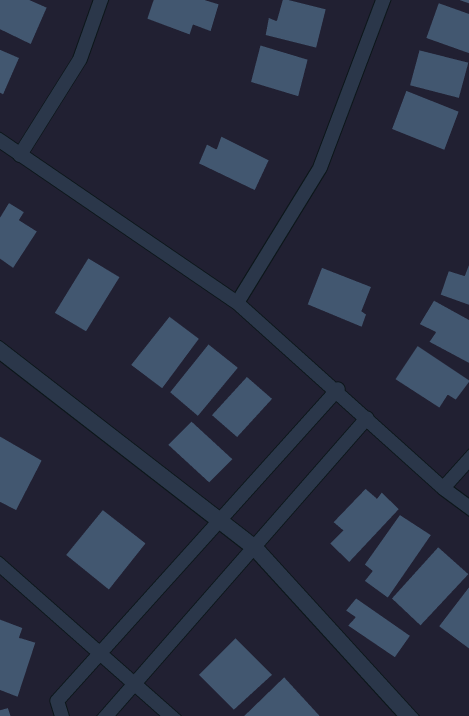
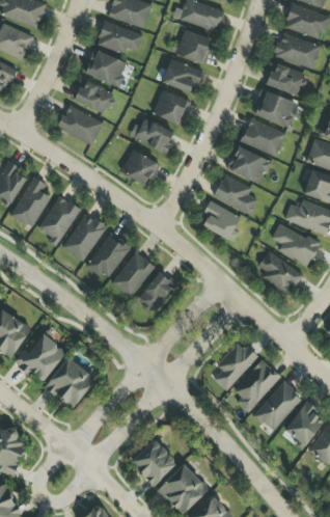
building: none -> [84,49,129,87]
building: none -> [73,80,112,112]
building: none -> [153,90,191,126]
building: none -> [57,106,103,144]
building: none -> [242,118,285,156]
building: none -> [226,146,271,185]
building: none -> [120,149,159,187]
building: none -> [213,174,257,215]
building: none -> [10,176,50,228]
building: none -> [62,214,106,262]
building: [167,421,233,483] -> none
building: none -> [15,334,65,383]
building: [345,598,411,658] -> none

